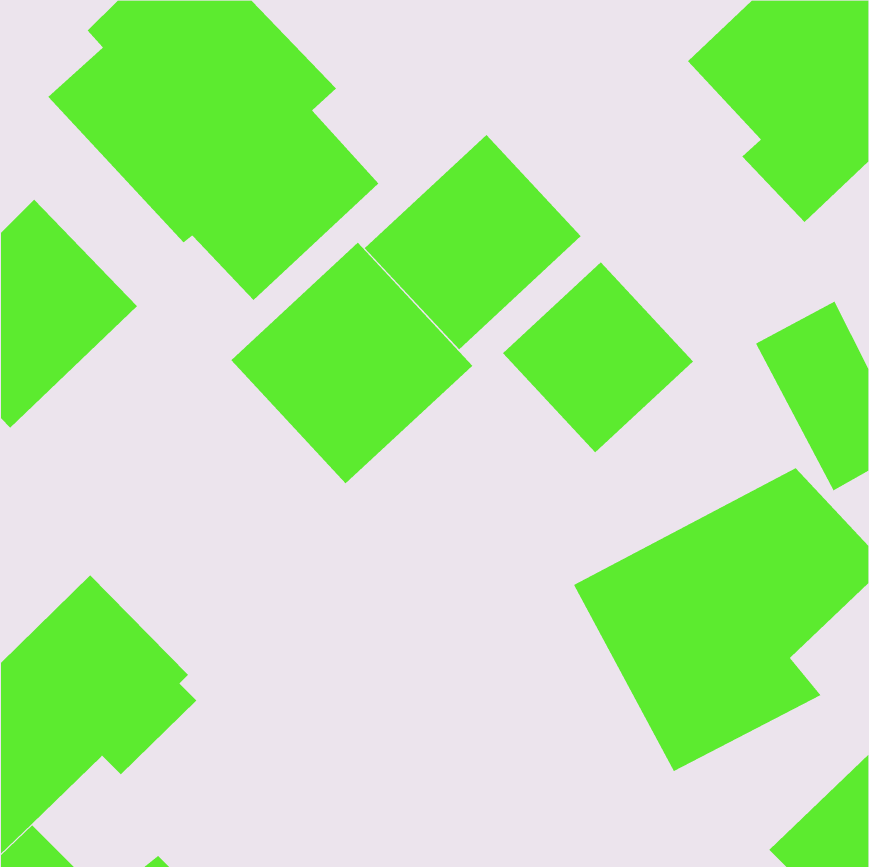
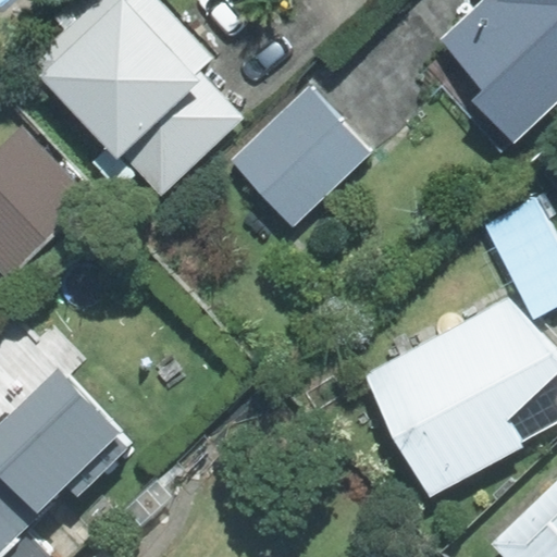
building: [230,242,473,484] -> none
building: [502,262,694,453] -> none

